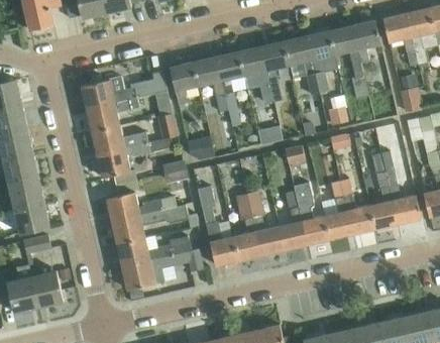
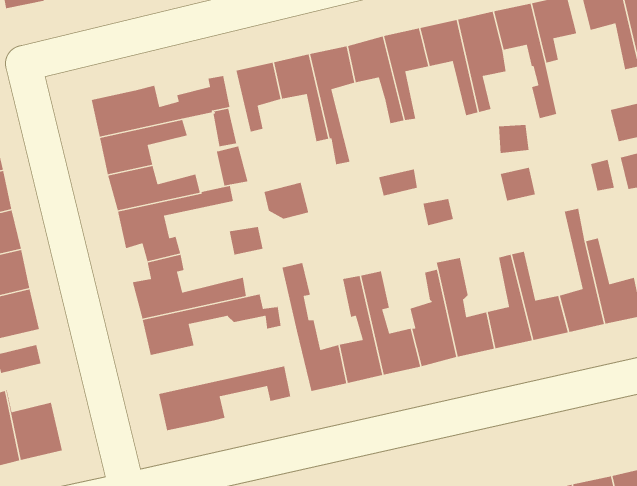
building: [117,235,200,266] -> none

